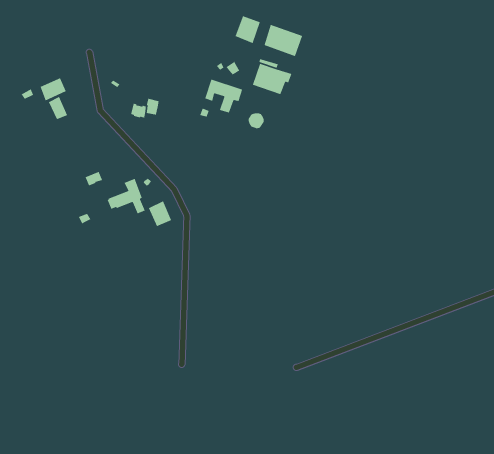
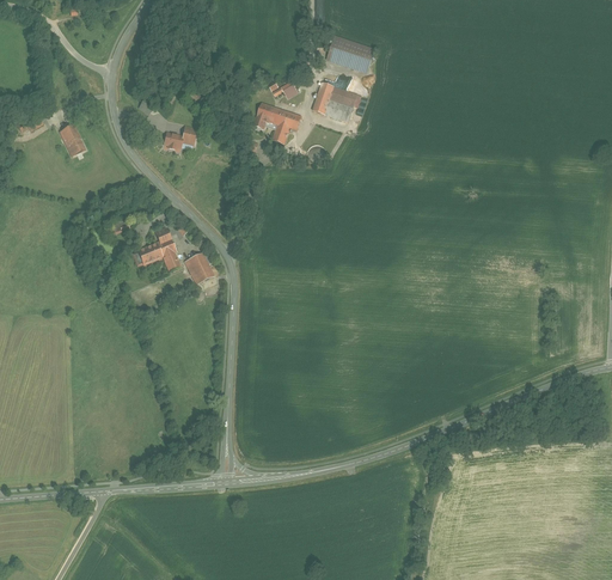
building: [235,15,261,44] -> none
building: [39,77,67,101] -> none

